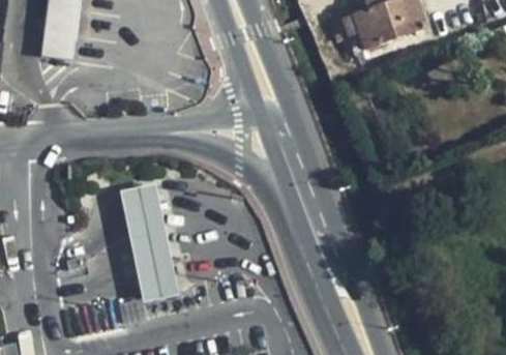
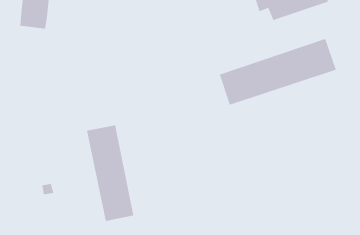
building: none -> [219,38,336,105]

